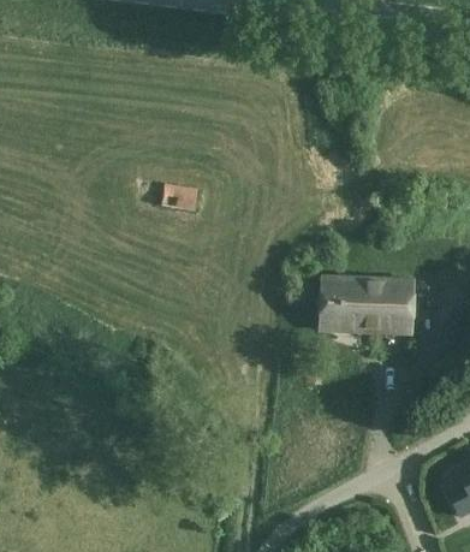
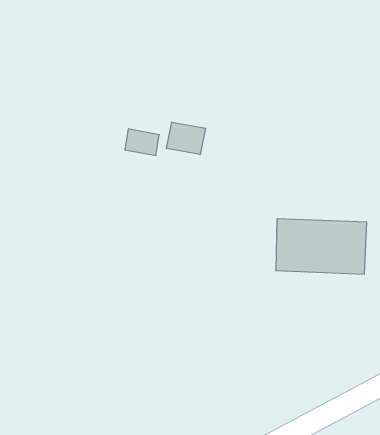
building: none -> [166,122,205,155]

